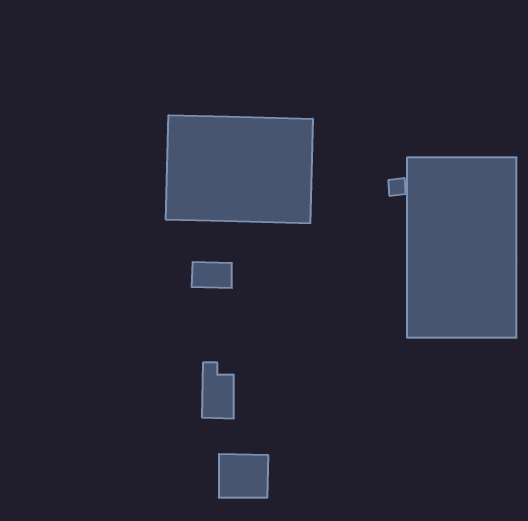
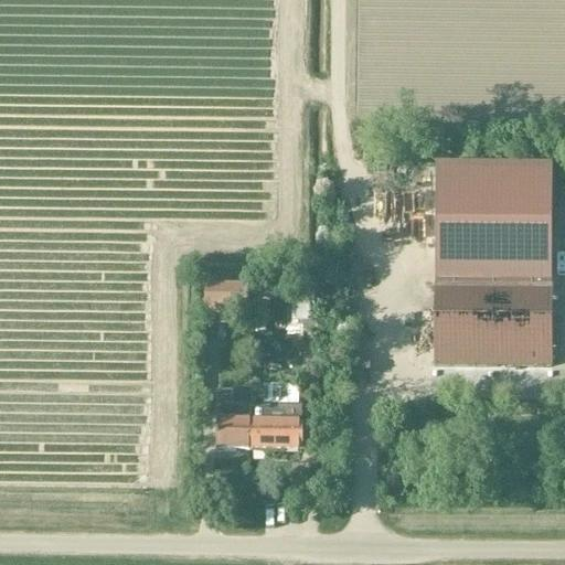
building: [166,115,313,223] -> none
building: [219,454,268,498] -> [250,399,303,446]

